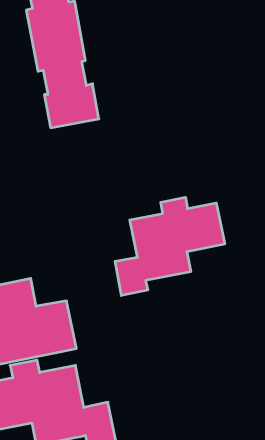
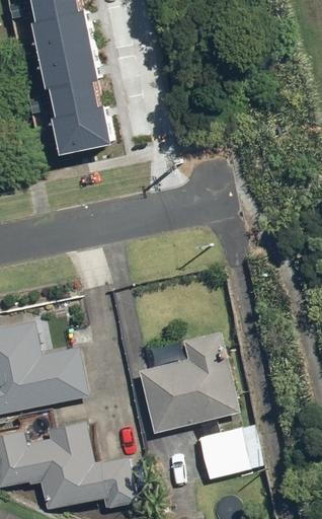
building: [115,197,225,296] -> none
building: none -> [134,342,262,479]

